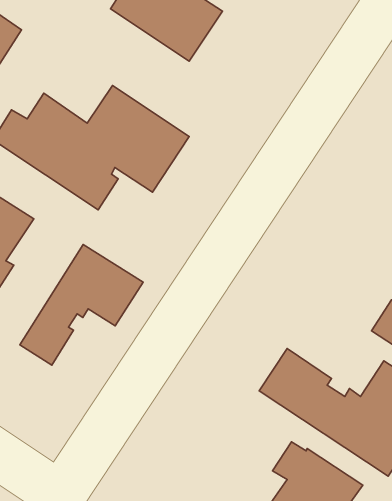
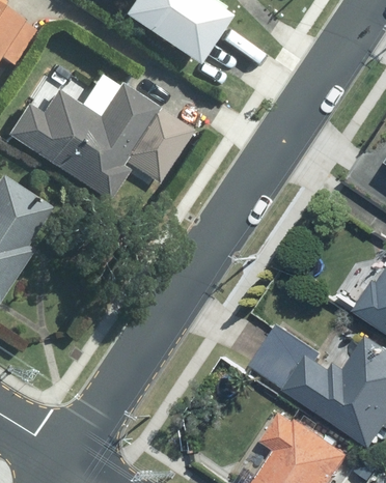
building: [20,244,143,365] -> none

